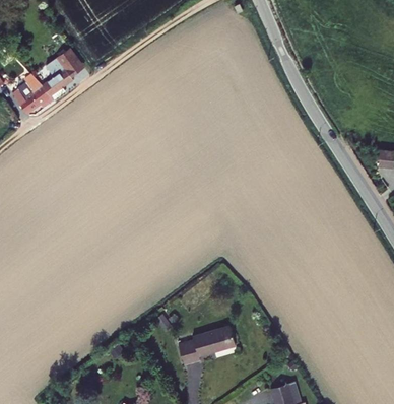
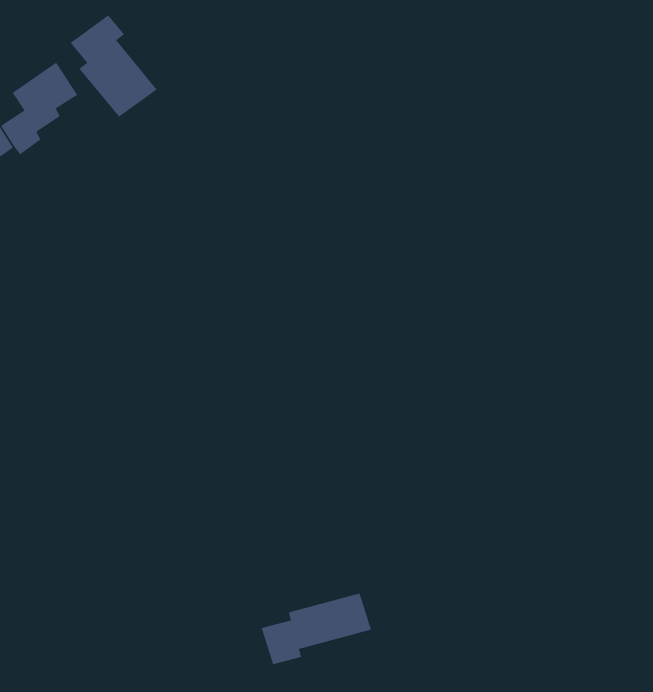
building: none -> [70,15,158,118]

